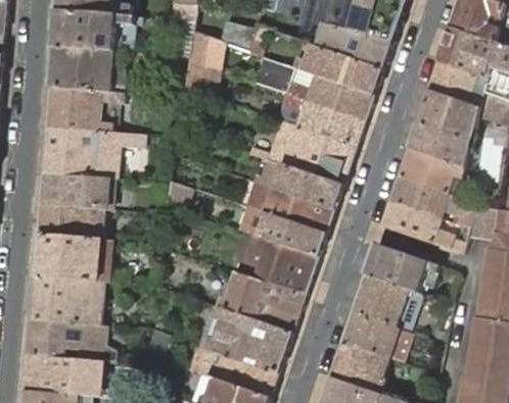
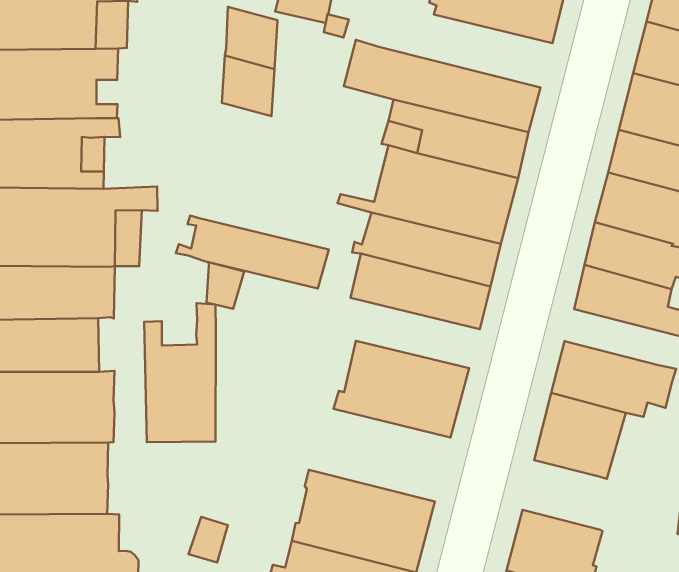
building: [279,43,381,95] -> none
building: none -> [144,303,216,442]
building: [235,207,325,256] -> [176,215,329,289]
building: [218,273,303,333] -> none
building: [341,313,409,362] -> none

